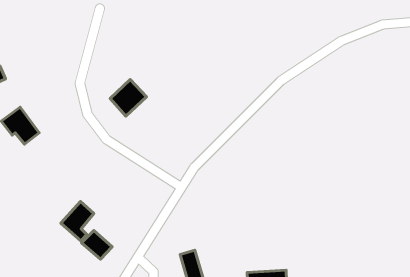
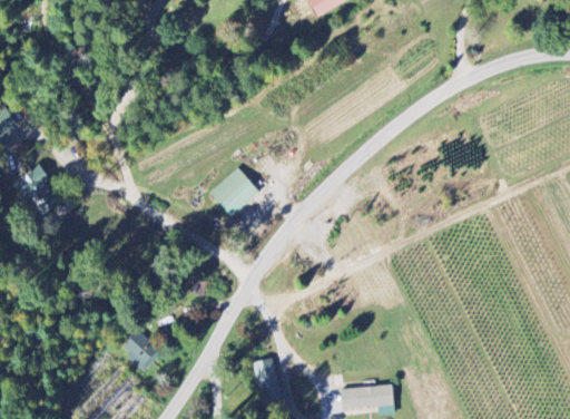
building: [110,80,147,116] -> [209,167,258,216]
building: [61,201,94,241] -> none

